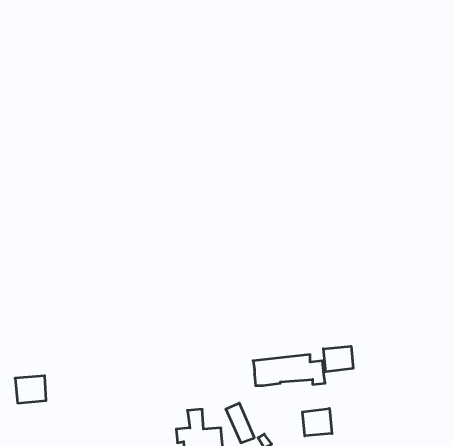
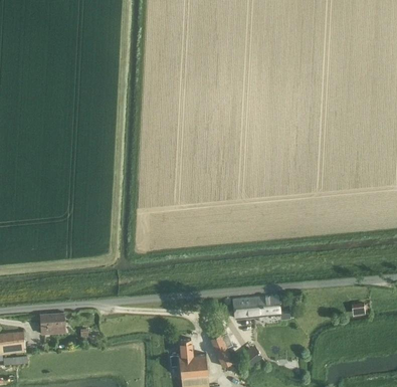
building: [323,346,353,372] -> none
building: [302,408,332,436] -> none

